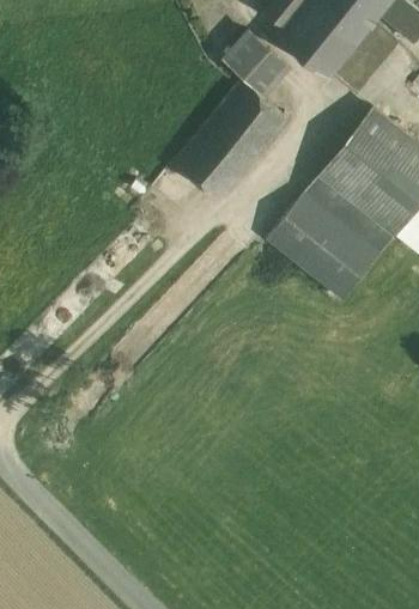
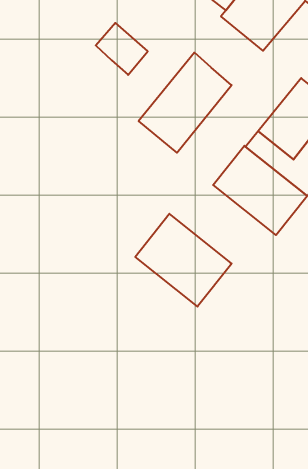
building: [224,30,287,93] -> [96,23,148,75]
building: none -> [135,214,232,307]

